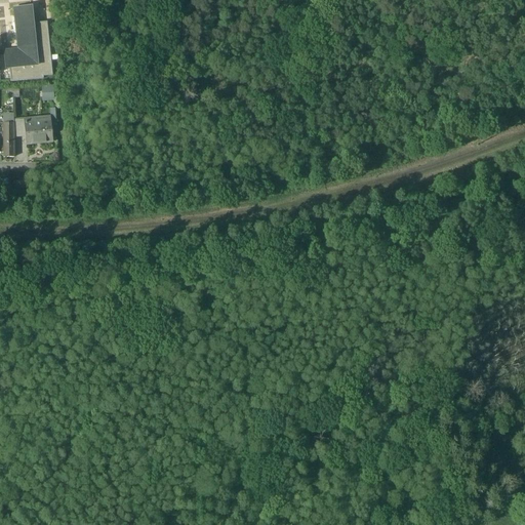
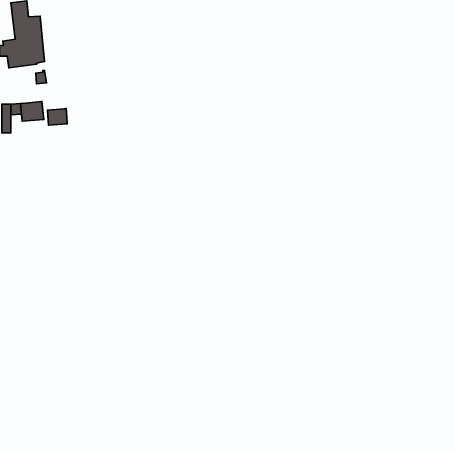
building: none -> [48,109,67,125]

